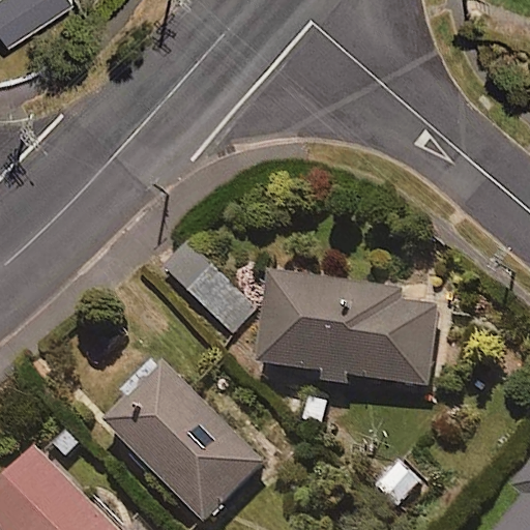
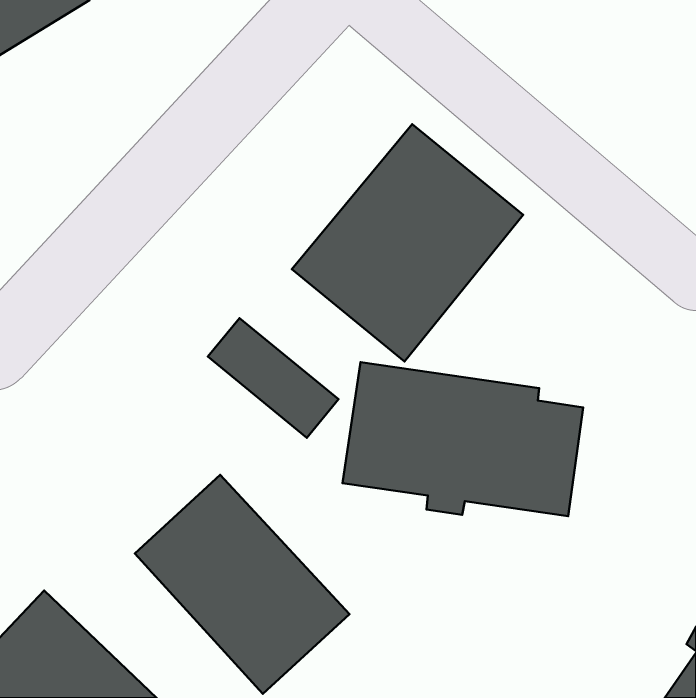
building: none -> [292,124,523,362]

